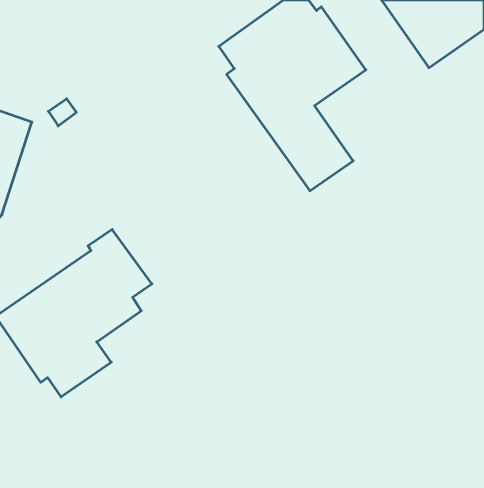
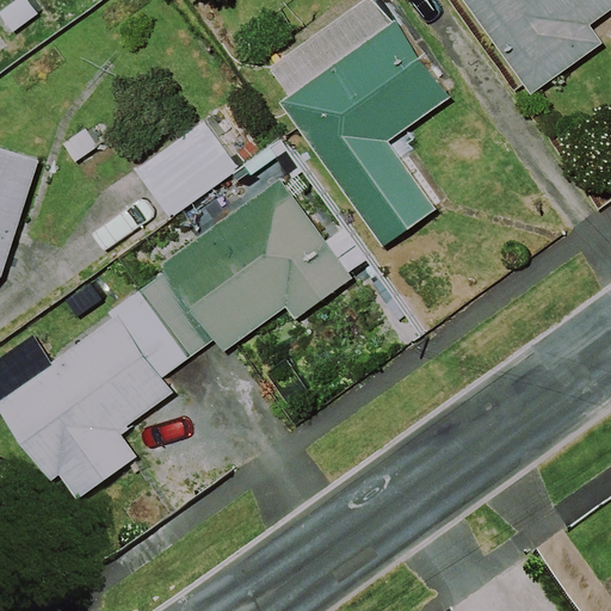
building: none -> [132,122,236,218]
building: none -> [138,178,351,358]

